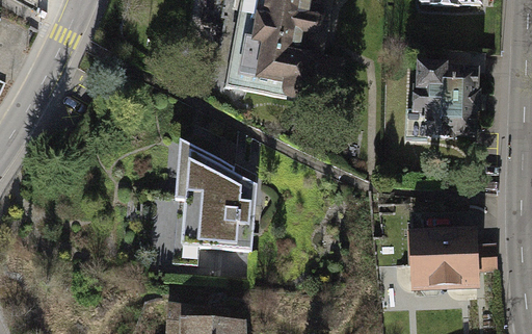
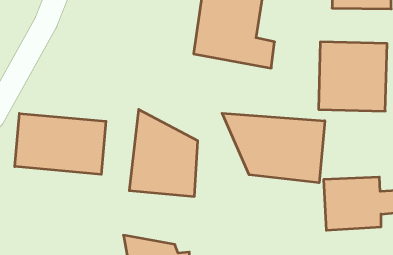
building: none -> [222,113,325,183]
building: none -> [15,113,106,174]

